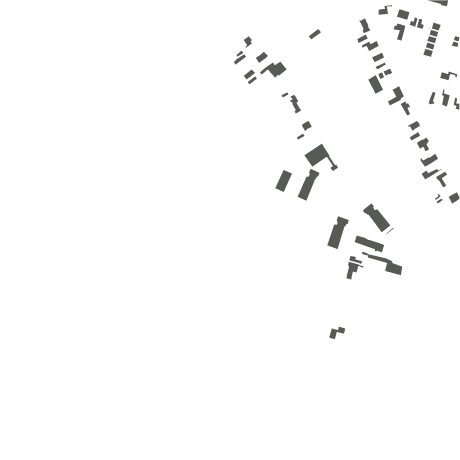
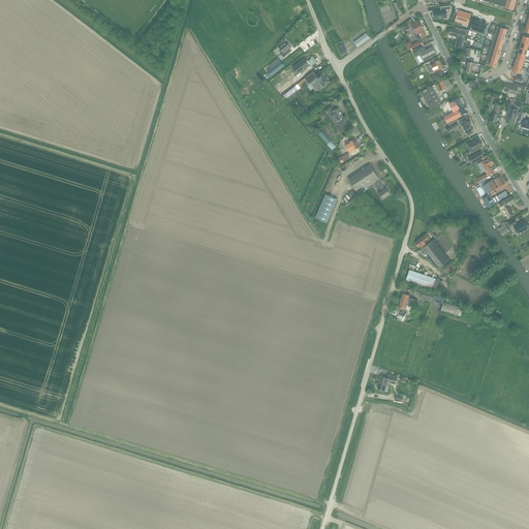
building: [296,168,321,202] -> none
building: [326,215,350,250] -> none

